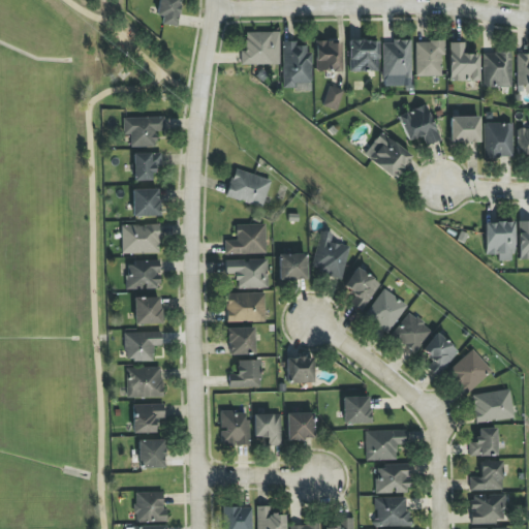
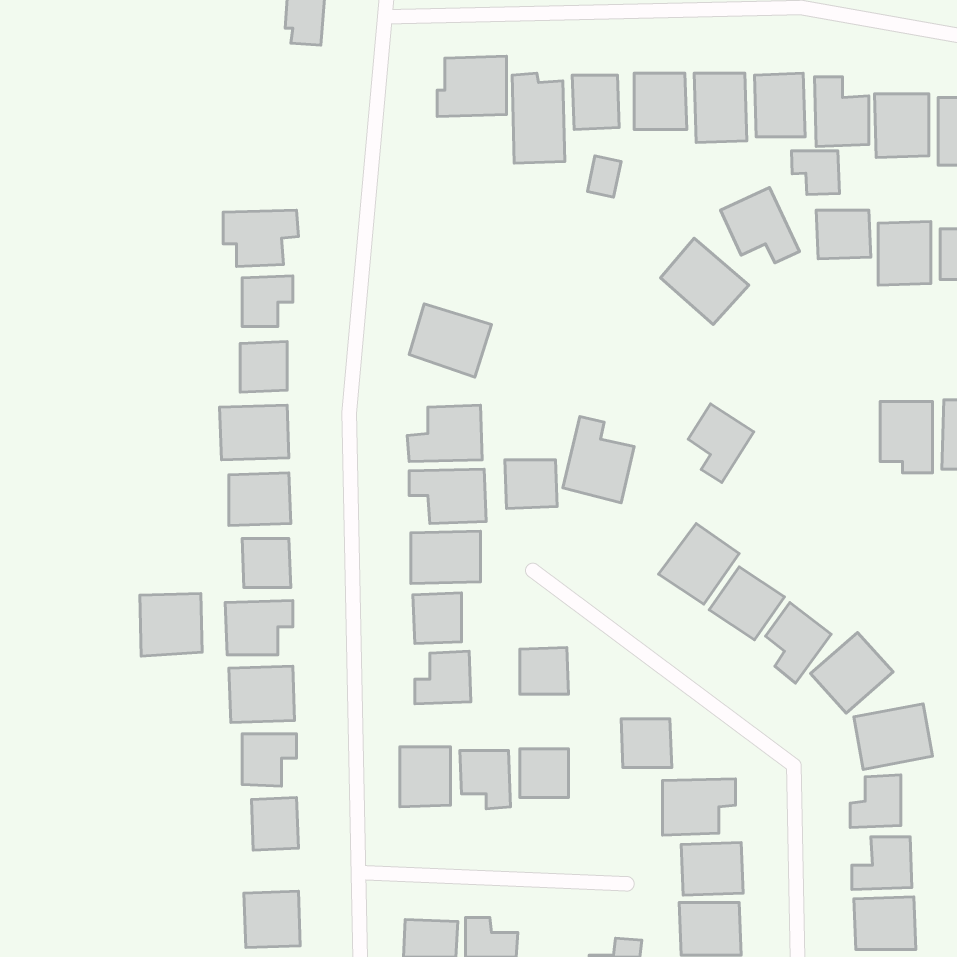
building: none -> [791,151,839,195]
building: [344,267,380,310] -> [688,404,754,482]
building: none -> [140,593,202,656]

